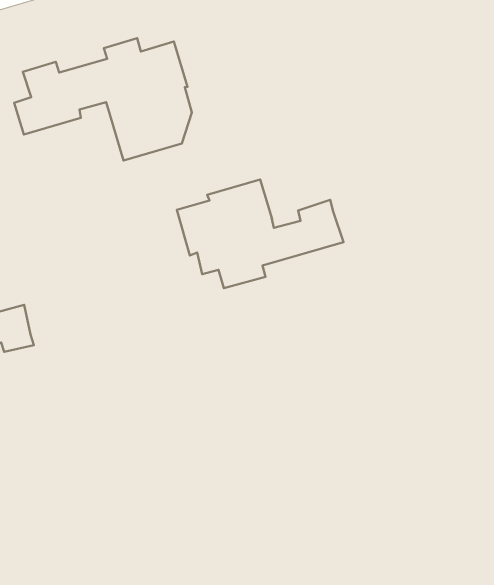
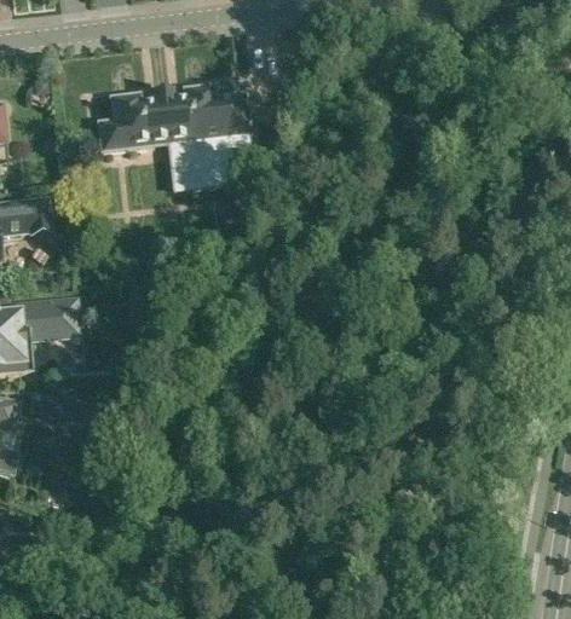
building: [177,179,343,288] -> none

